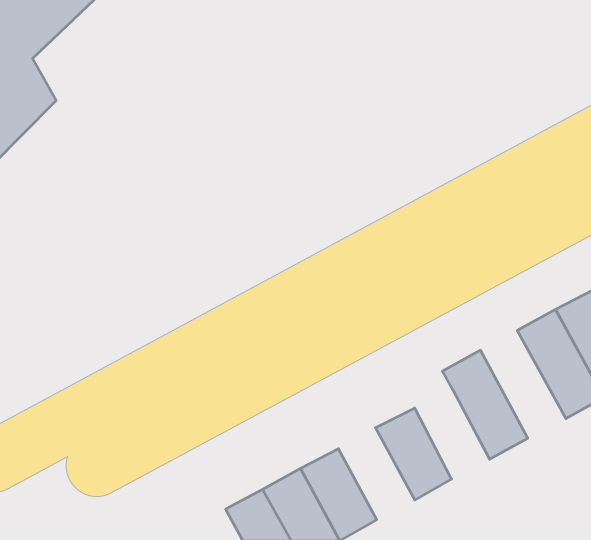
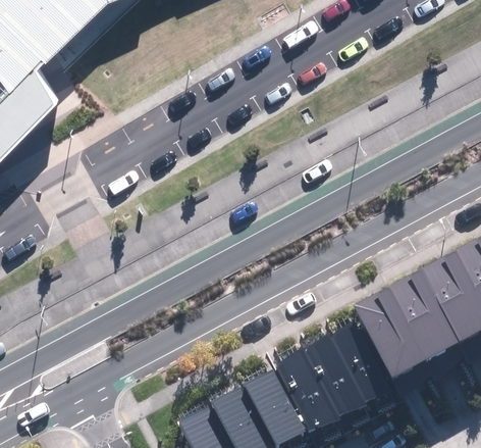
building: none -> [378,283,444,366]
building: none -> [327,329,385,398]
building: none -> [268,358,327,430]

